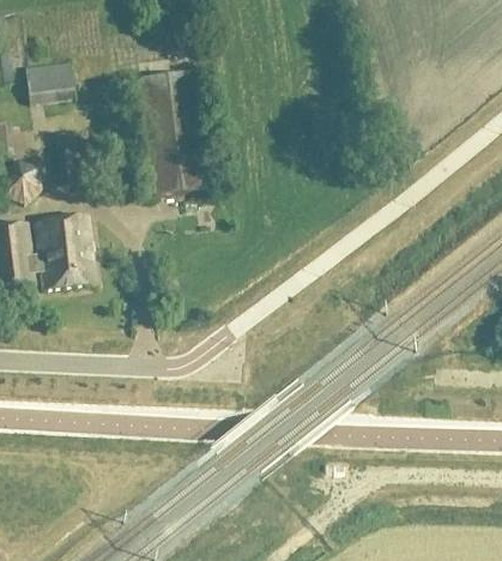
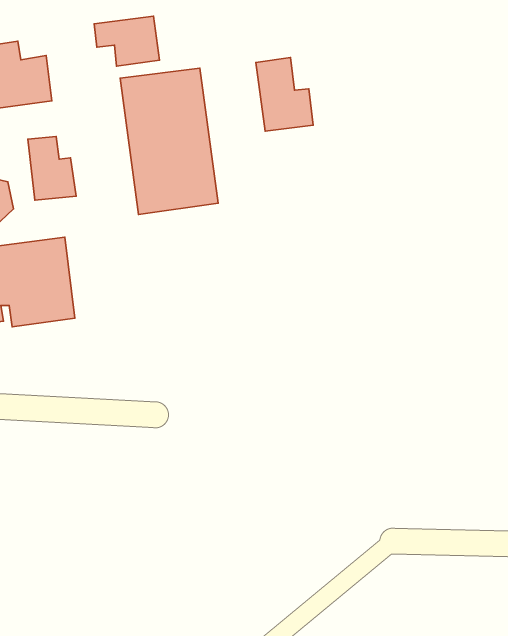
building: none -> [94,16,159,66]
building: none -> [256,57,313,131]

